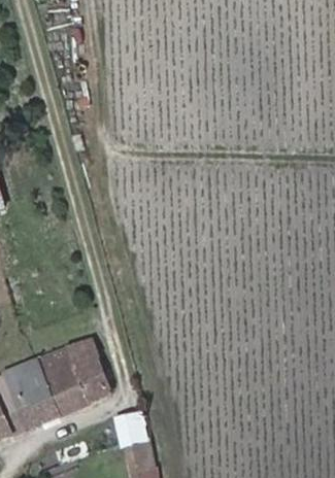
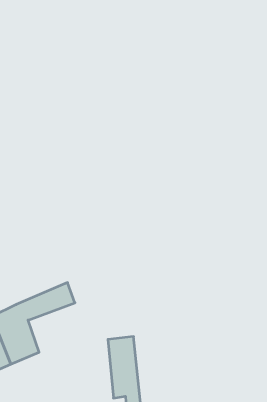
building: [35,365,99,420] -> none

